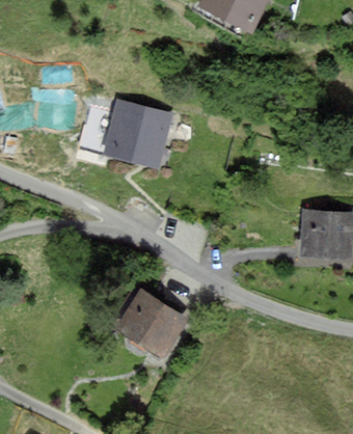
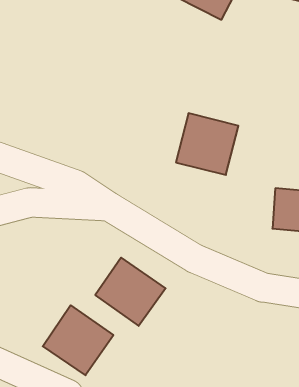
building: [105,104,172,170] -> [176,113,238,175]
building: none -> [43,305,113,375]

